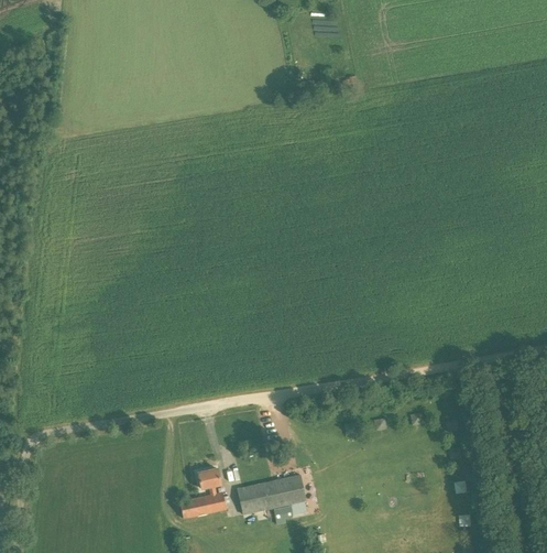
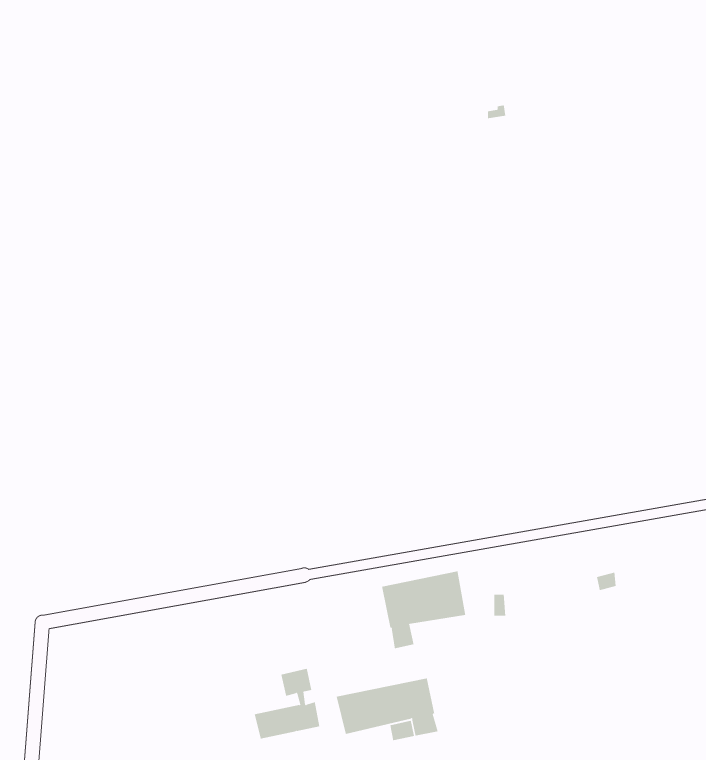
building: none -> [382,570,466,649]

